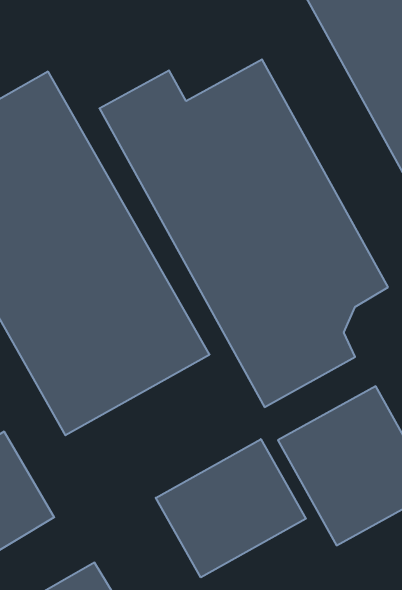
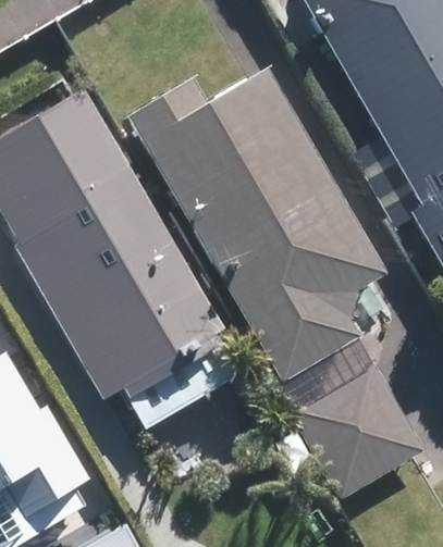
building: [156,439,306,577] -> none

